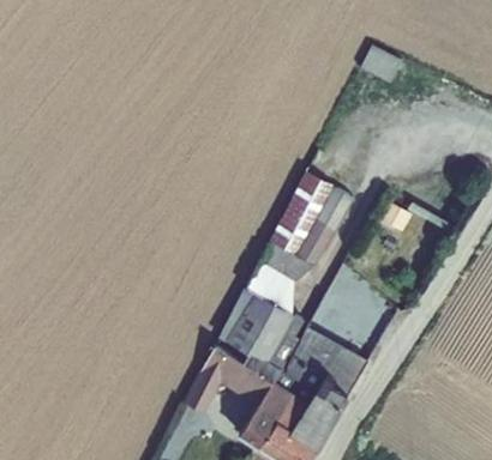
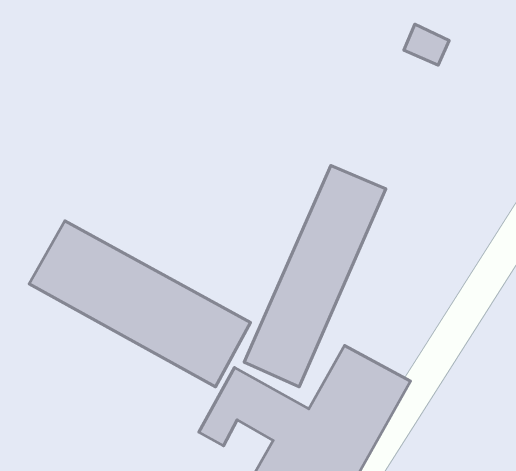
building: none -> [29,221,250,387]
building: [322,277,372,327] -> none

